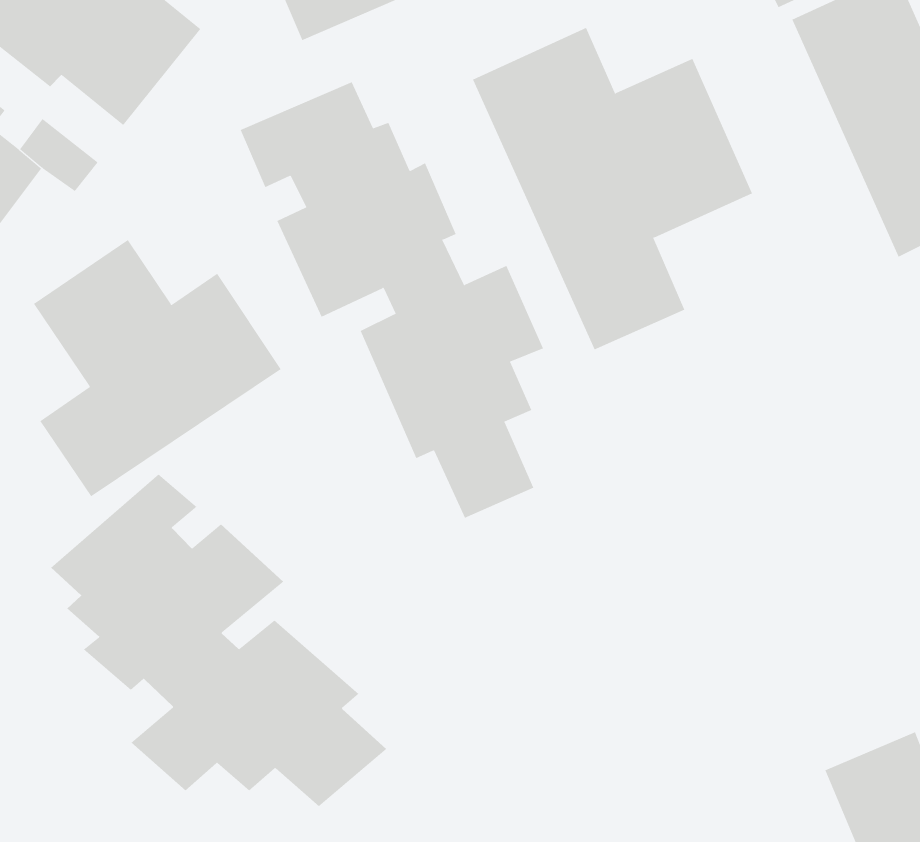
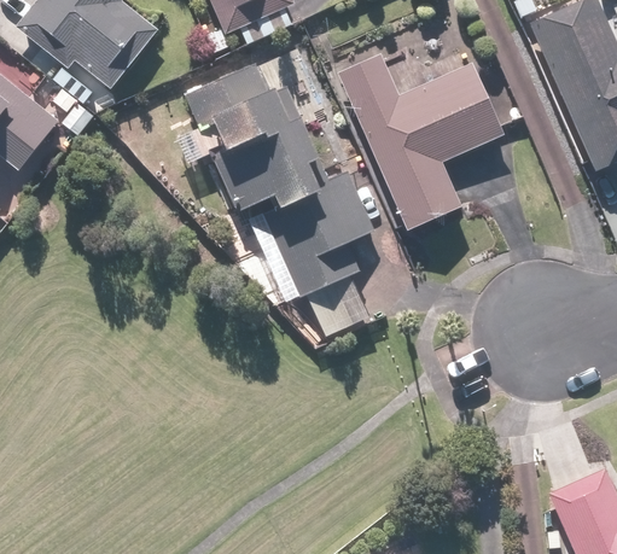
building: [33,239,281,497] -> none
building: [50,474,387,807] -> none

